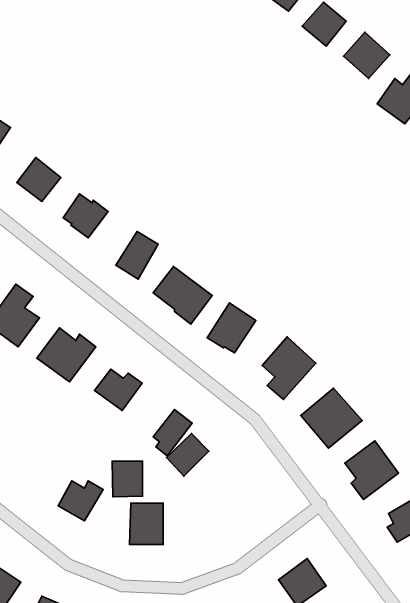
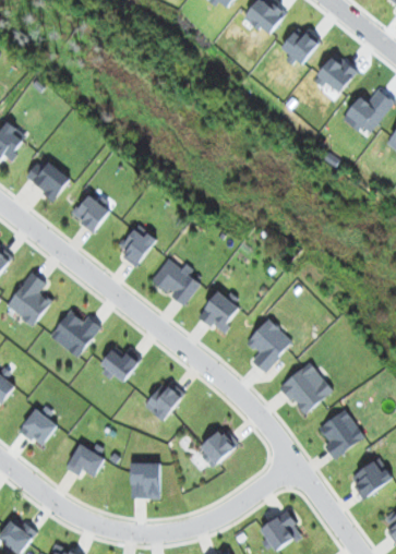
building: [166,434,209,476] -> [201,427,238,465]
building: none -> [22,402,57,444]
building: [112,461,142,497] -> none

